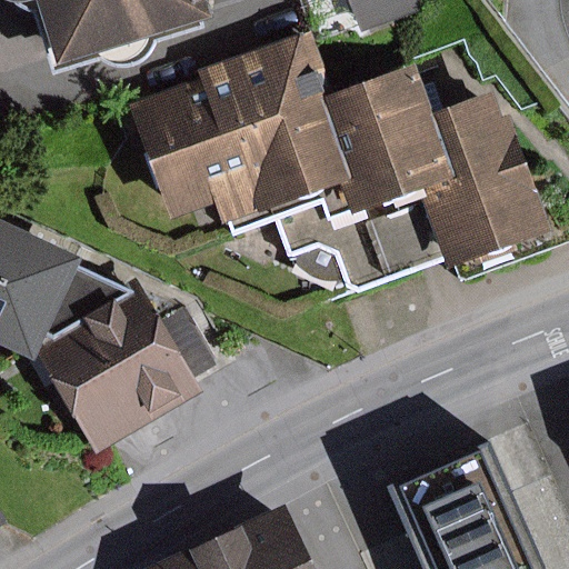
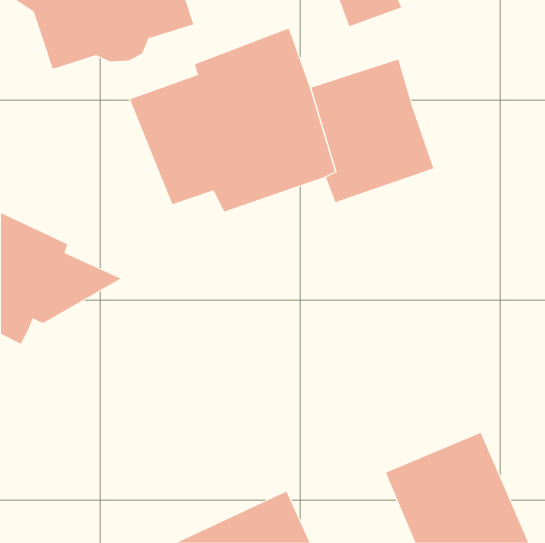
building: [233,91,545,289] -> none
building: [27,279,212,455] -> none

